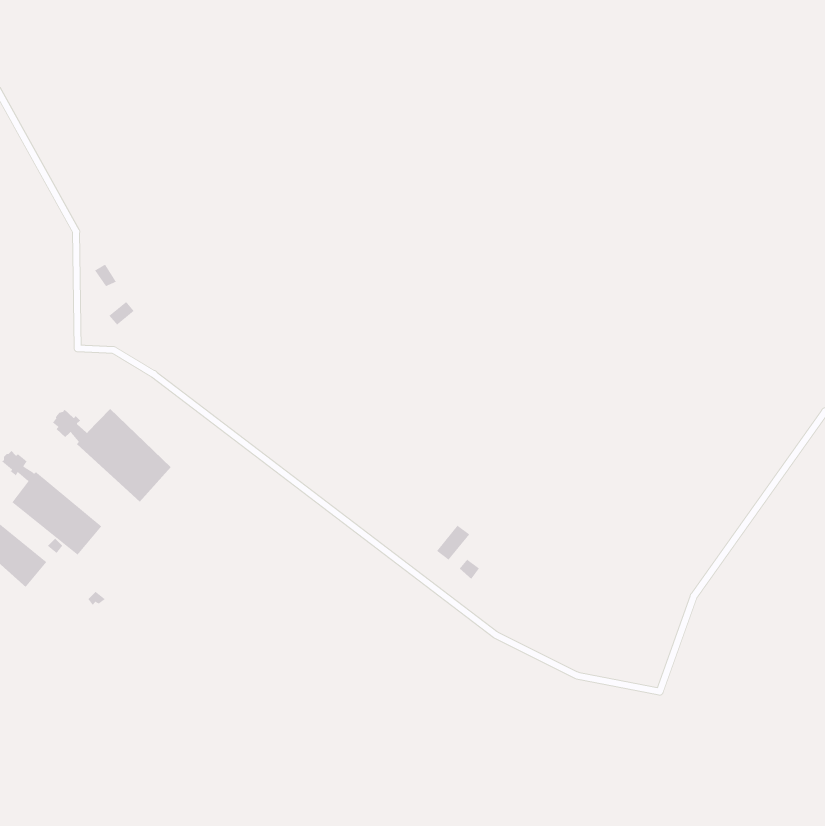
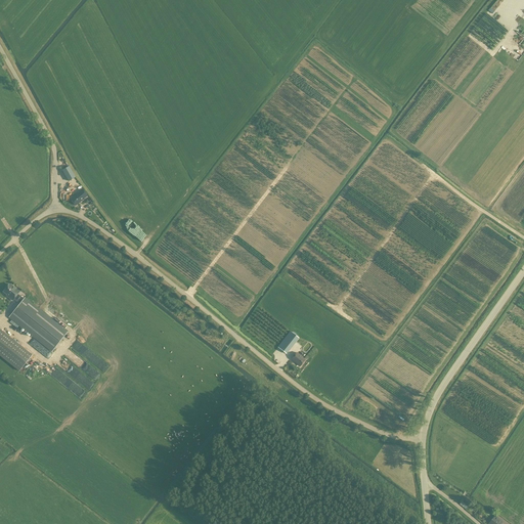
building: [52,408,172,503] -> none

